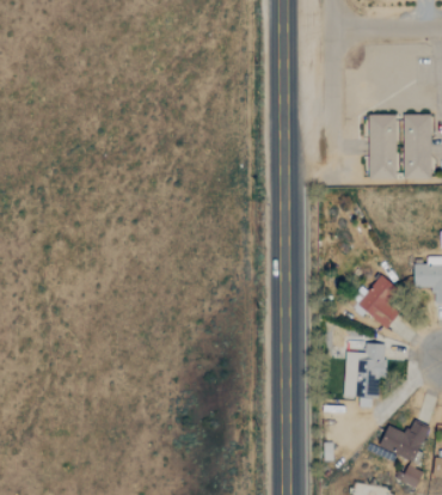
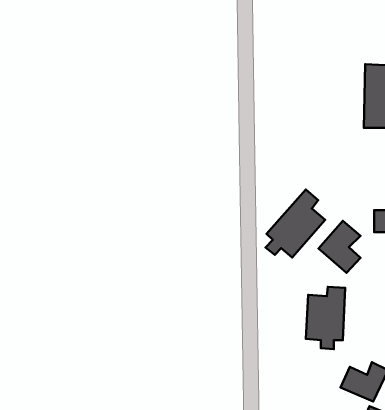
building: [368,114,398,178] -> none
building: none -> [266,190,325,257]

